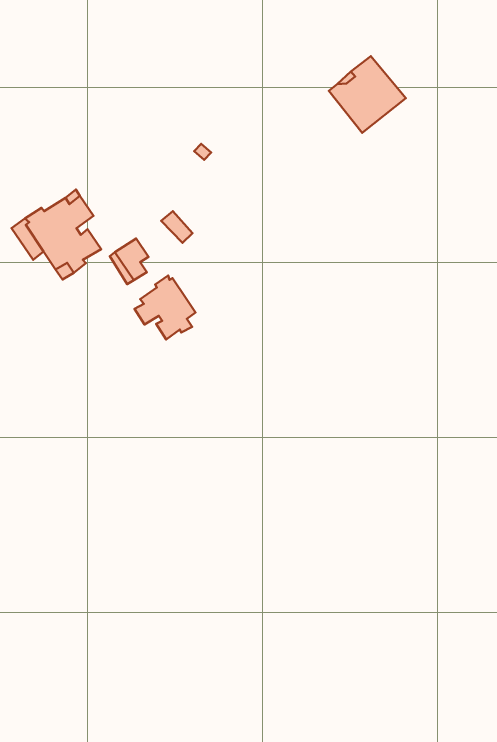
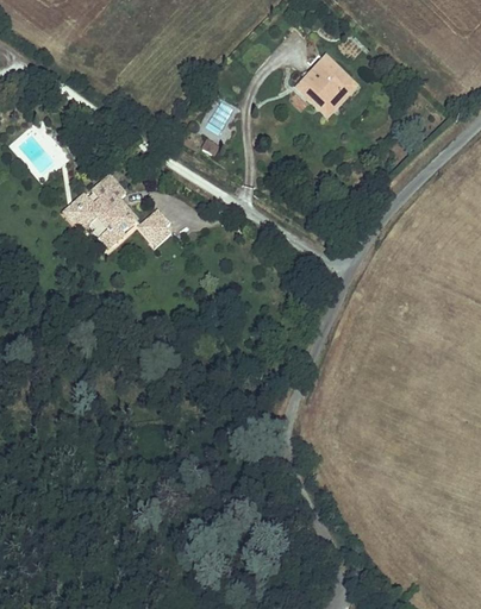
building: [134,276,195,339] -> none

